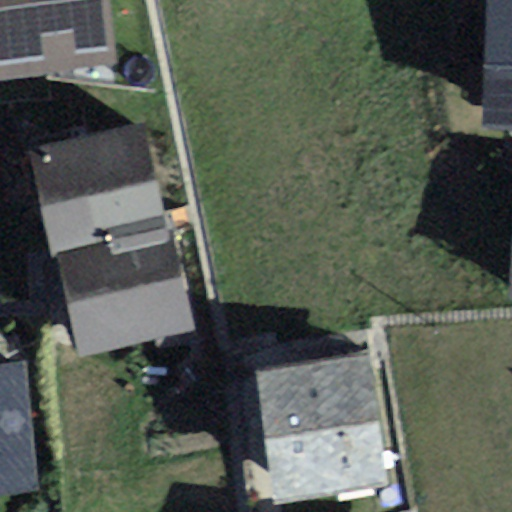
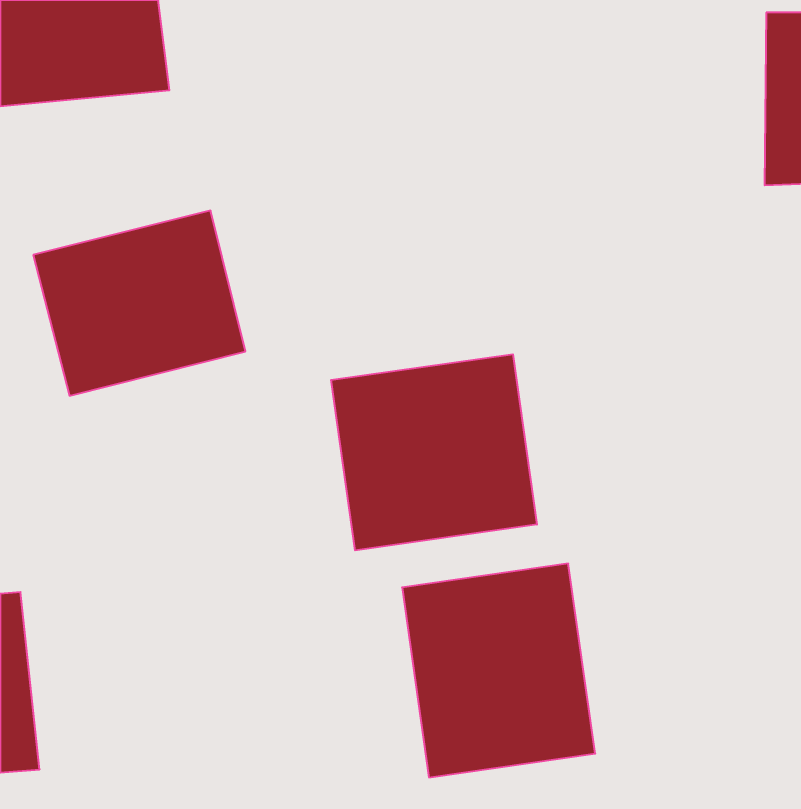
building: [49,222,183,340] -> none
building: none -> [331,354,537,550]

